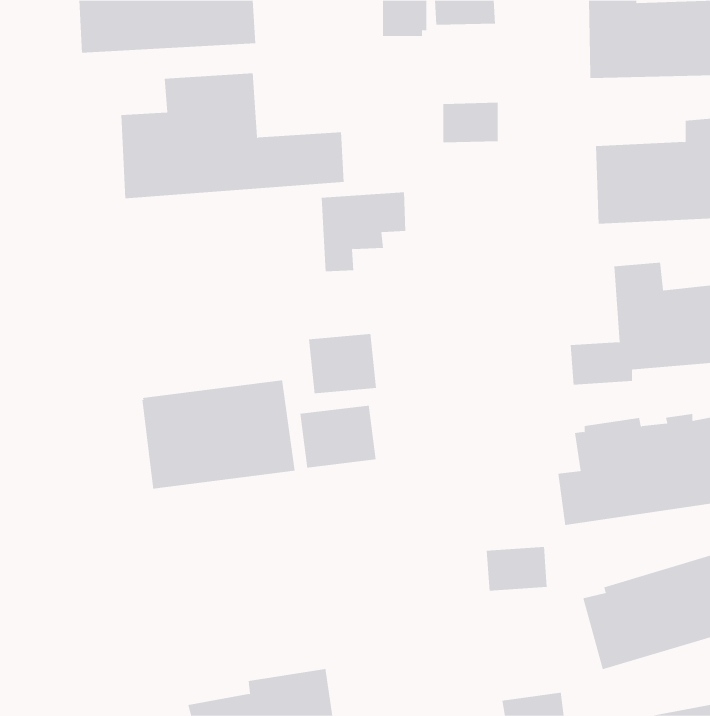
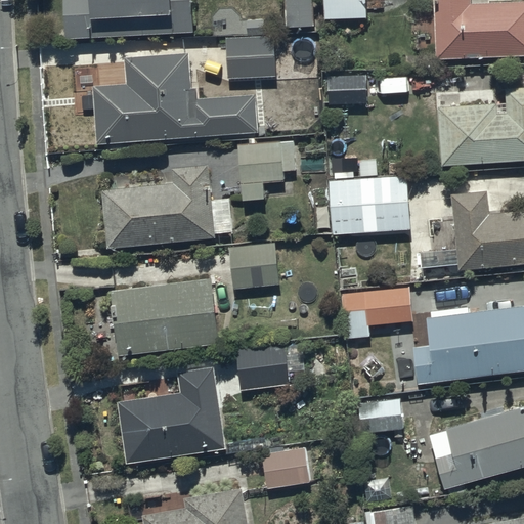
building: none -> [231,17,283,77]
building: none -> [330,159,412,235]
building: none -> [100,165,235,248]
building: none -> [343,288,414,338]
building: [300,405,377,468] -> [234,345,291,391]
building: none -> [118,368,226,463]
building: none -> [271,447,316,486]

